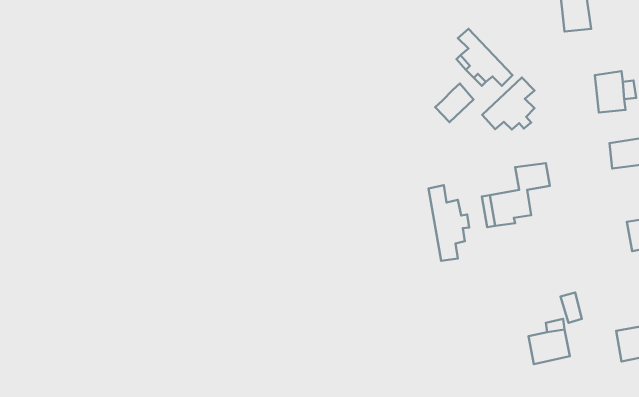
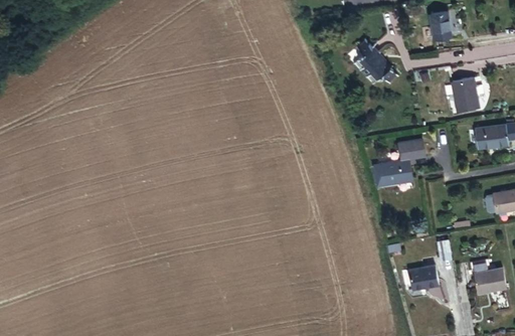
building: [482,77,535,129] -> none
building: [435,84,473,122] -> none
building: [429,185,469,261] -> none

